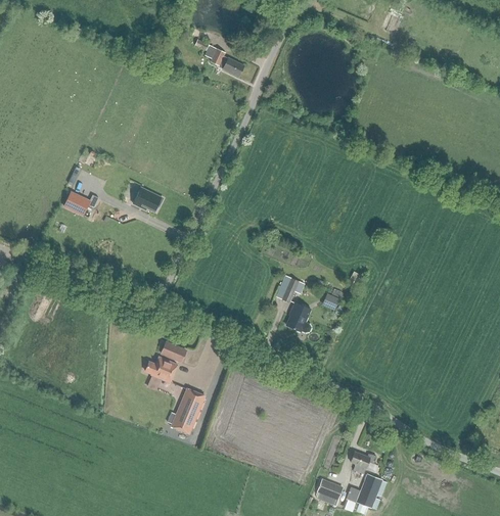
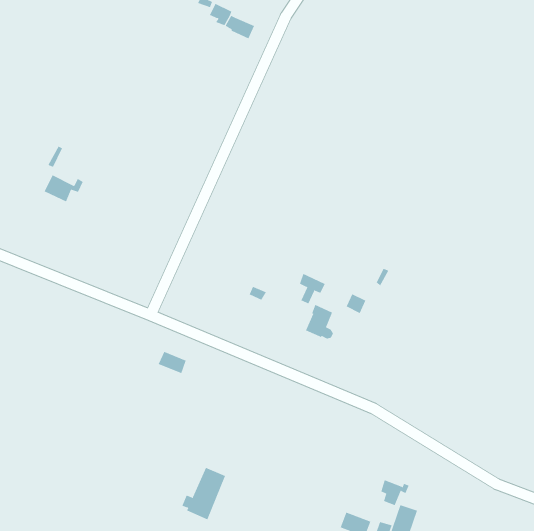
building: [132,187,163,210] -> none
building: [145,357,177,382] -> none
building: [167,388,204,433] -> [181,467,226,520]

